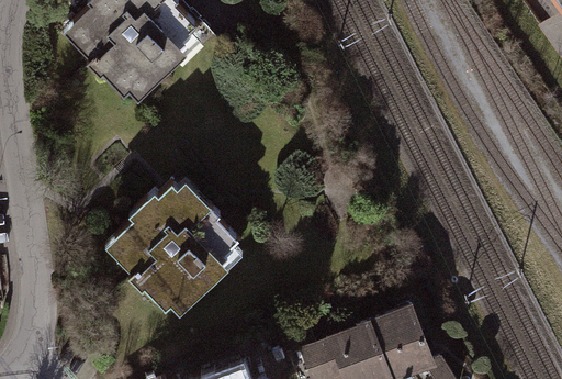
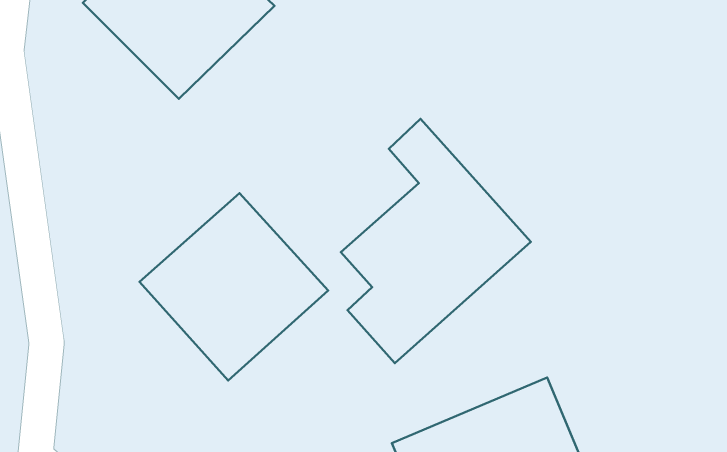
building: none -> [341,119,531,363]

